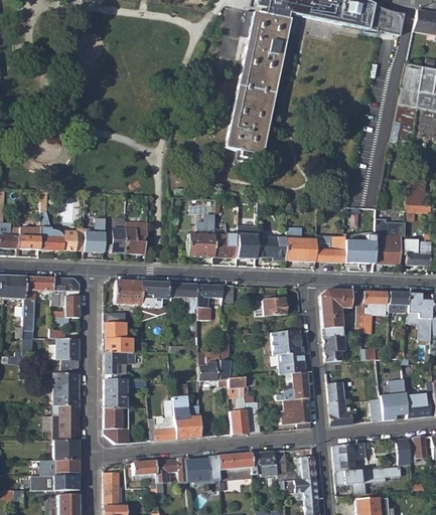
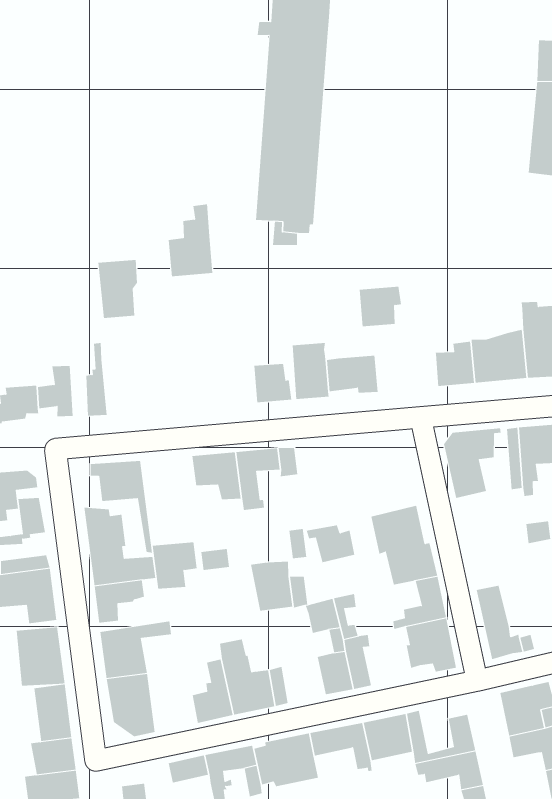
building: [188,215,215,256] -> [168,204,213,277]
building: [125,219,149,253] -> [98,259,138,318]
building: [286,237,311,261] -> [359,286,402,327]
building: [141,282,166,309] -> [152,542,198,589]
building: [258,295,285,316] -> [306,525,355,563]
building: [323,326,346,362] -> none

